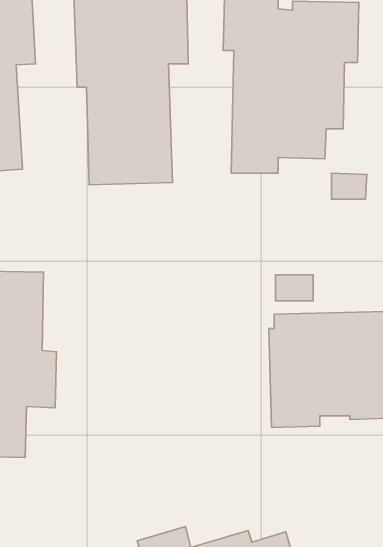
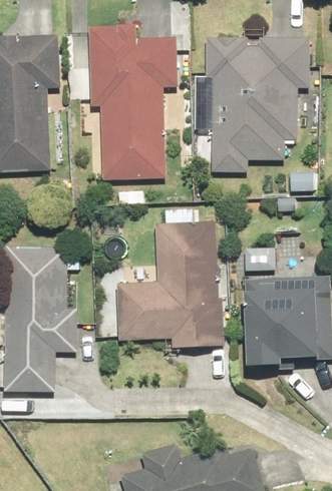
building: none -> [116,221,223,350]

